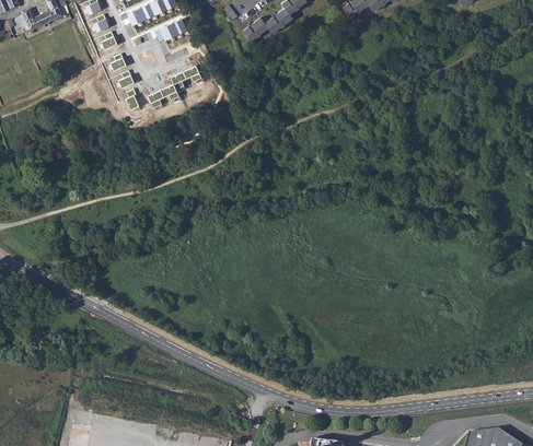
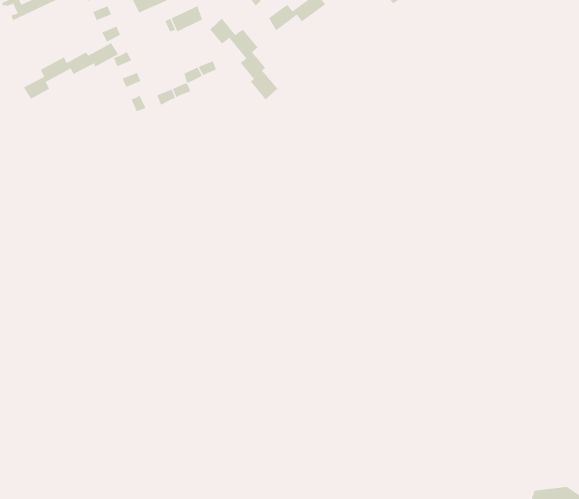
building: none -> [210,18,278,100]
building: none -> [23,42,119,99]

